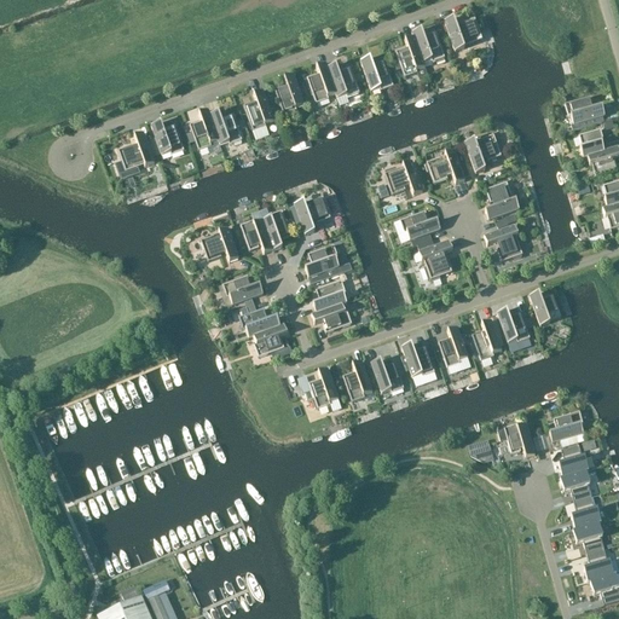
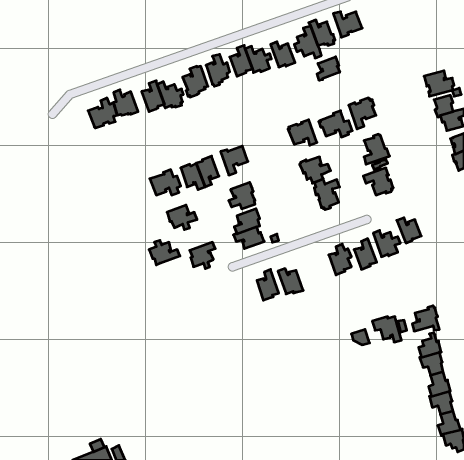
building: none -> [317,57,340,80]
building: [238,303,279,336] -> [149,240,180,265]
building: [400,342,434,376] -> none
building: [305,366,337,407] -> none

